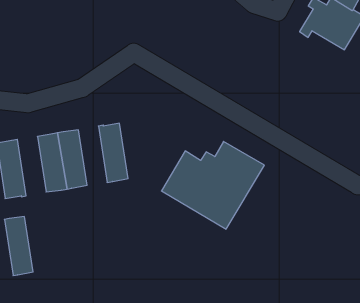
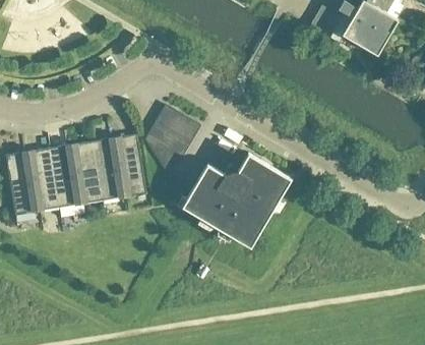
building: none -> [143,113,198,177]
building: none -> [94,137,124,200]
building: [4,217,33,276] -> [28,149,59,212]

